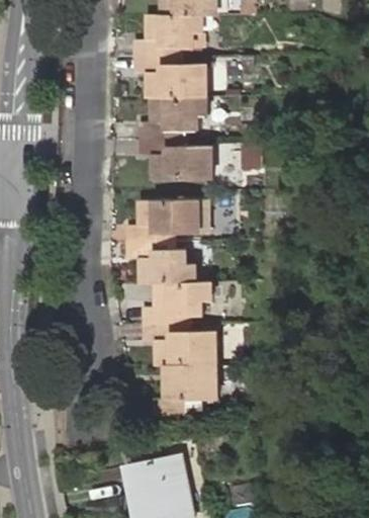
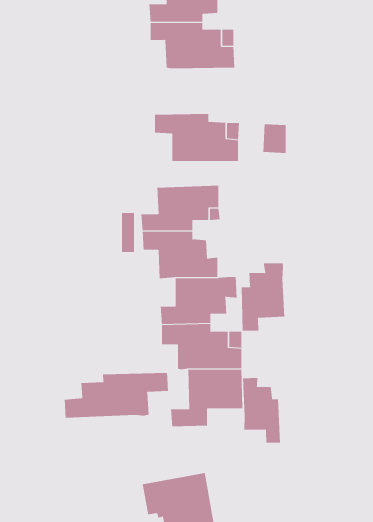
building: [139,95,210,137] -> none
building: none -> [241,263,285,331]
building: none -> [64,372,168,419]
building: none -> [242,377,281,444]

